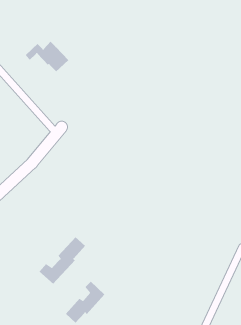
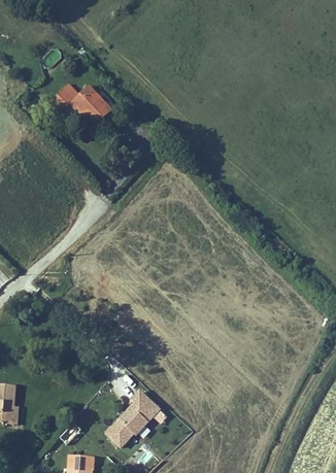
building: [39,236,86,285] -> none

